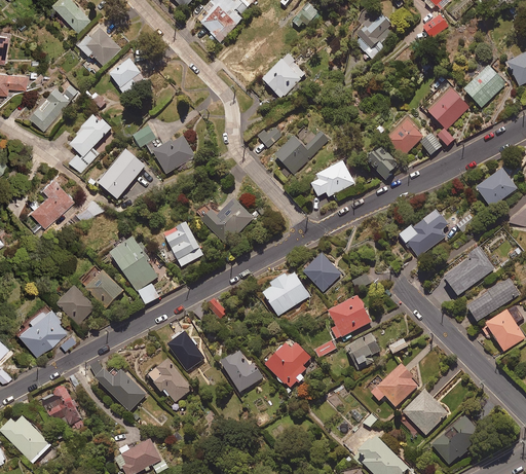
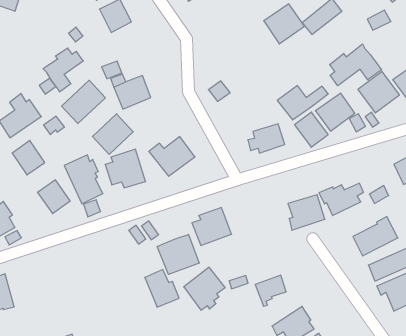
building: [257,57,303,103] -> [264,4,304,44]
building: none -> [330,44,382,86]
building: [29,86,77,133] -> none
building: [269,136,325,179] -> [277,86,328,120]
building: none -> [92,114,133,154]
building: [303,252,341,290] -> none
building: [57,284,95,323] -> [12,140,45,175]
building: [327,294,371,338] -> [288,195,325,230]
building: none -> [157,234,199,274]
building: [166,329,203,370] -> none
building: [147,358,191,401] -> none
building: [96,366,145,410] -> none

